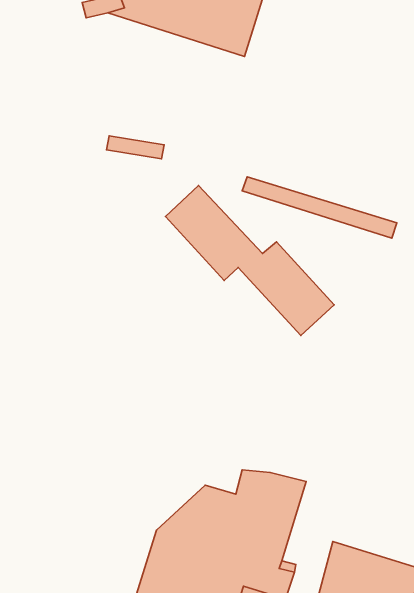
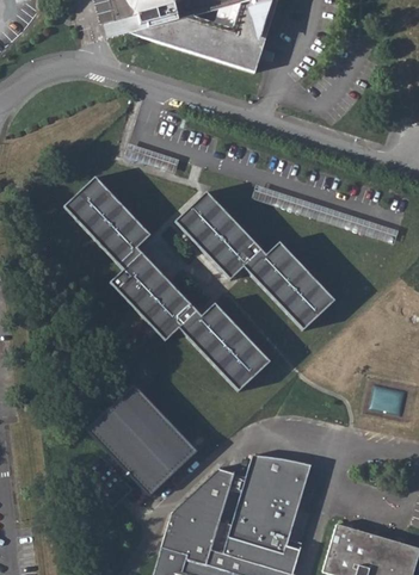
building: none -> [67,174,271,392]
building: none -> [75,383,195,507]

